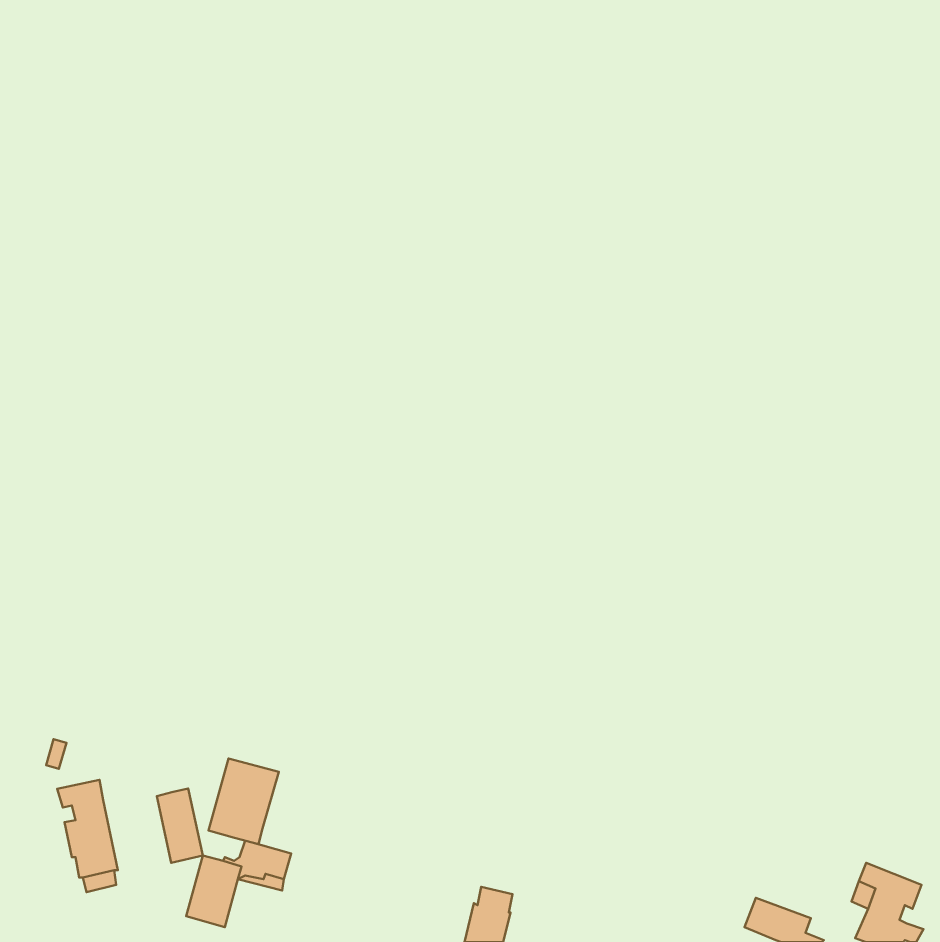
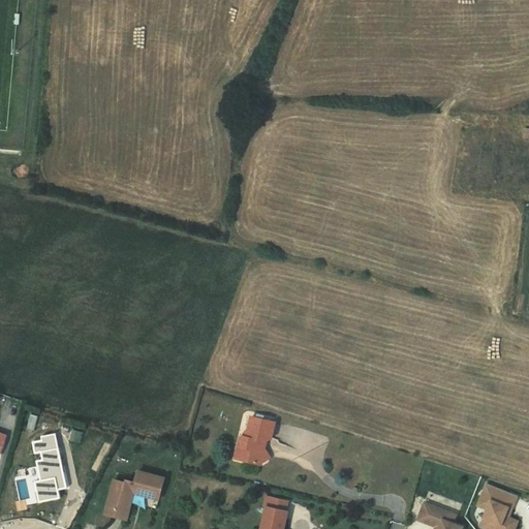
building: none -> [237,417,271,465]
building: [208,758,279,844] -> none
building: [157,789,203,863] -> none

